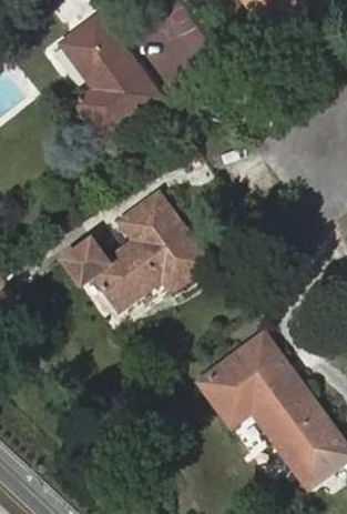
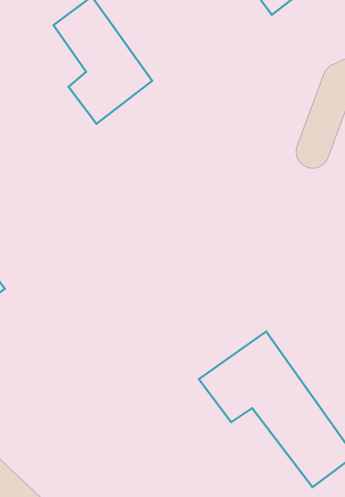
building: [62,194,207,309] -> none

